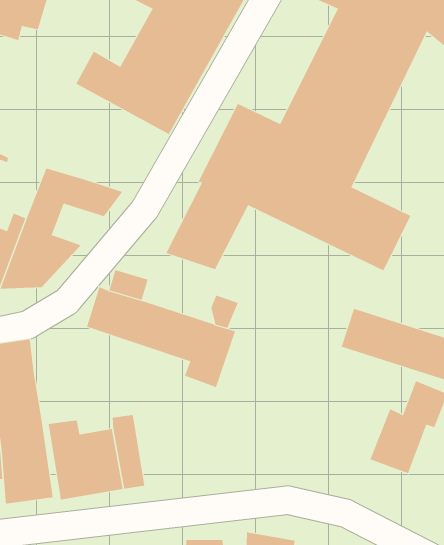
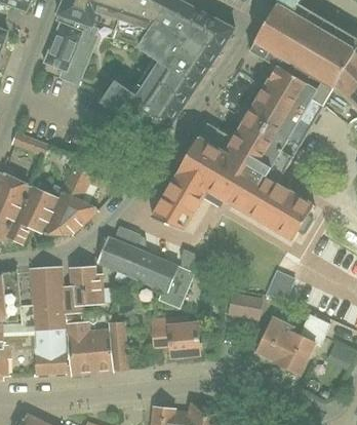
building: none -> [61,266,103,312]
building: none -> [227,292,264,320]
building: none -> [256,317,292,360]
building: none -> [151,315,200,357]

